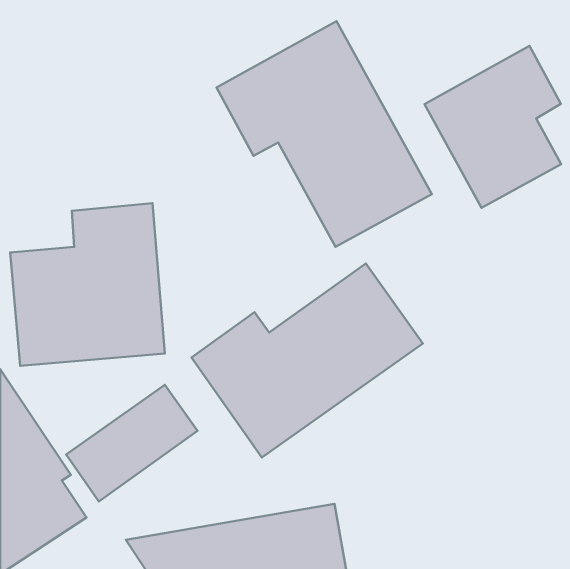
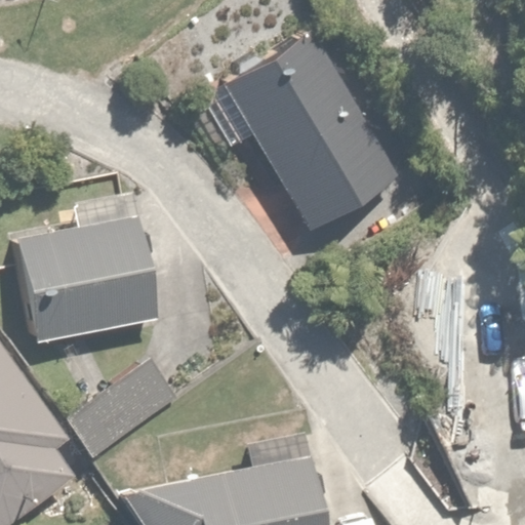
building: [424,46,561,208] -> none
building: [191,264,423,457] -> none

